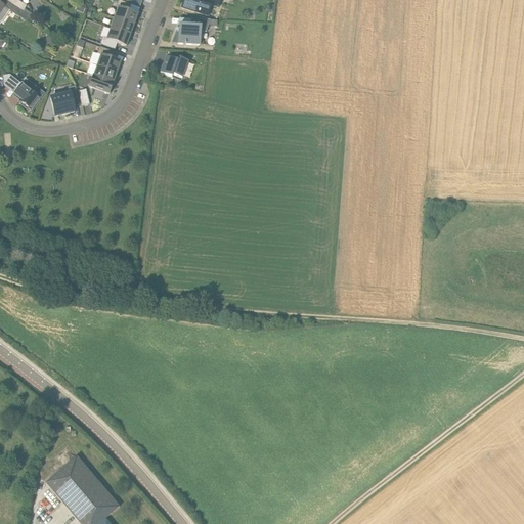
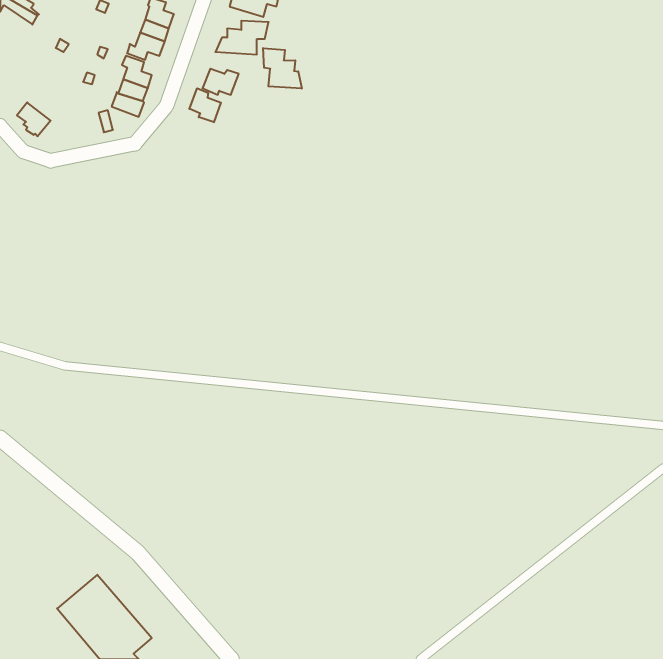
building: none -> [263,48,302,89]
building: none -> [189,88,221,122]
building: [49,84,79,115] -> none

